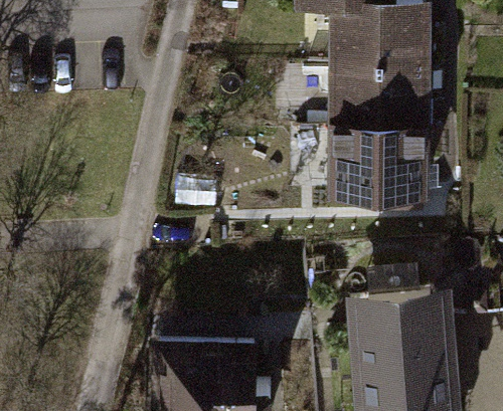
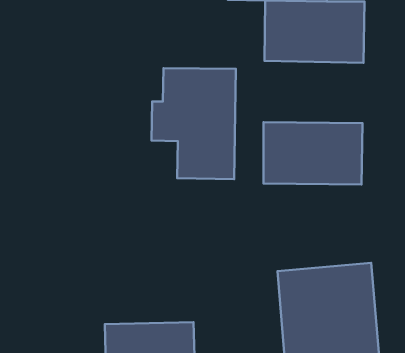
building: [329,76,436,143] -> none
building: none -> [151,68,236,179]

